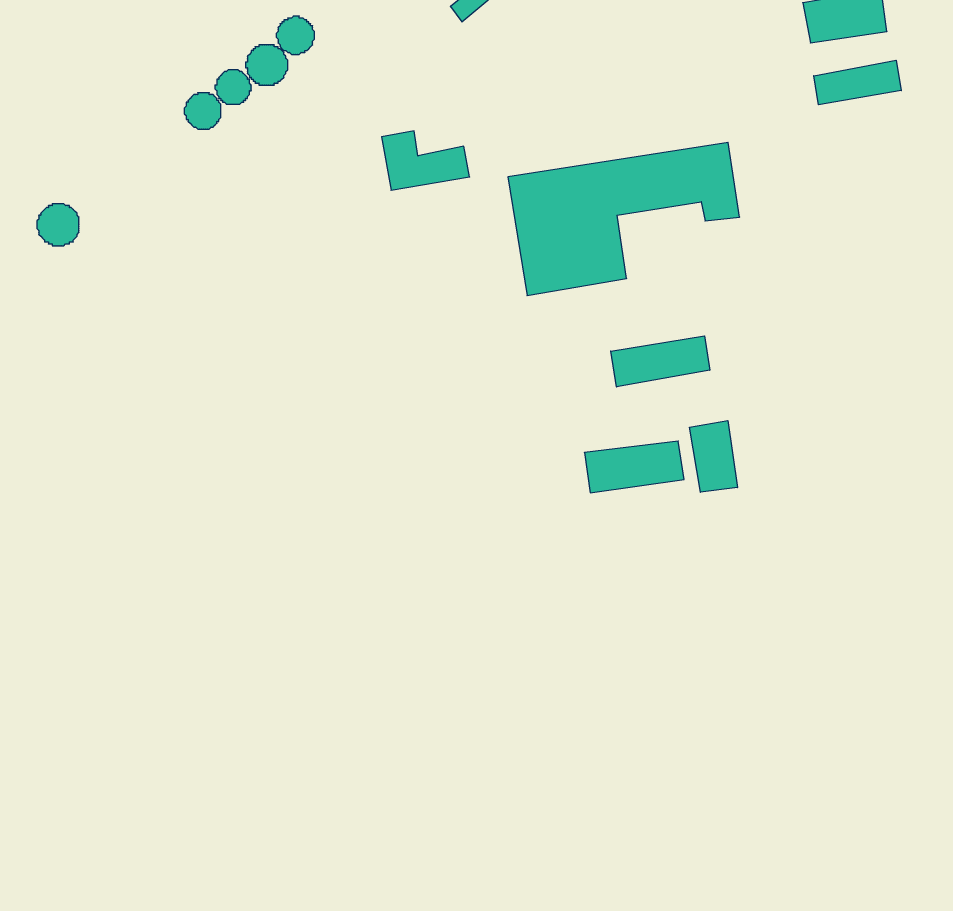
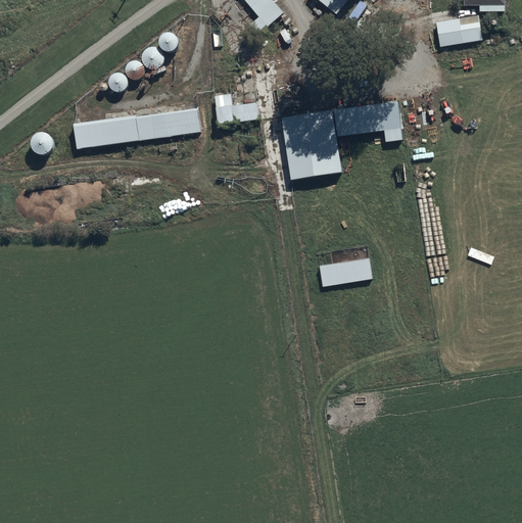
building: [814,60,901,105] -> none
building: none -> [73,105,200,149]
building: [611,336,710,387] -> none
building: [690,421,737,492] -> none

